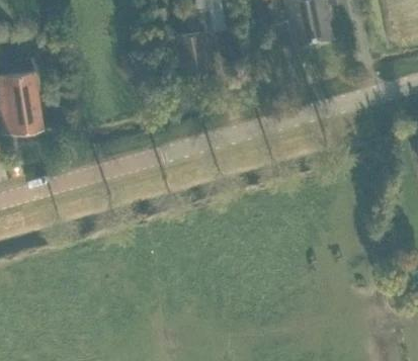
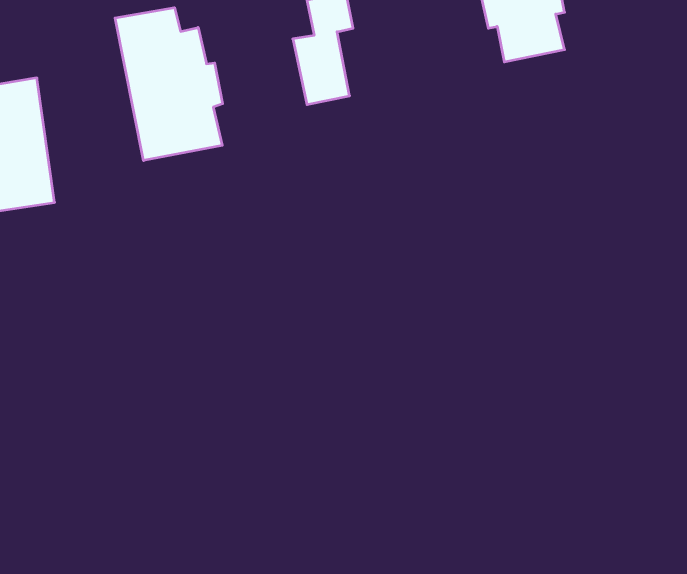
building: none -> [115,8,223,161]

